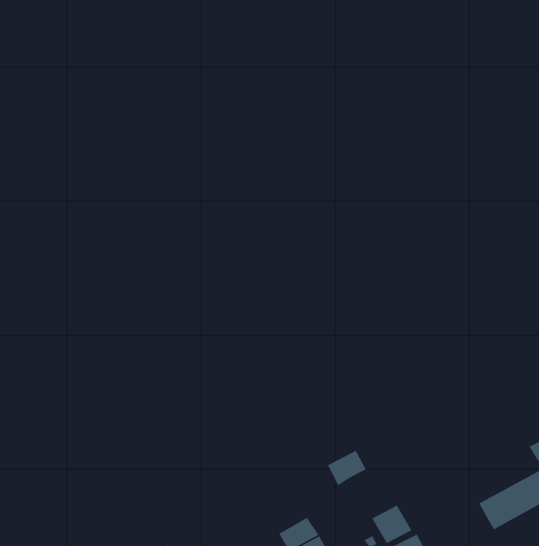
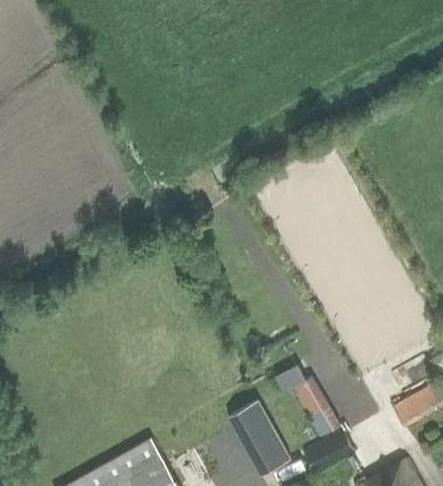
building: none -> [291,376,328,417]

